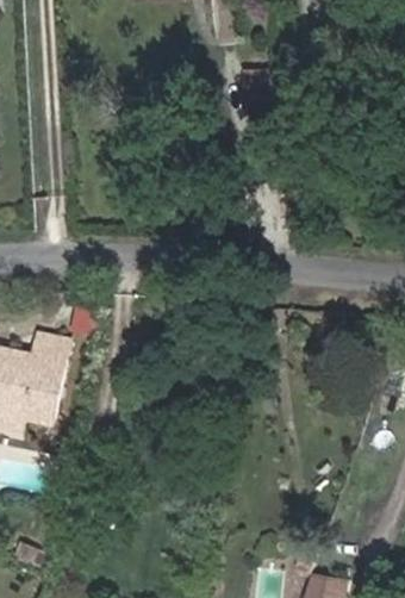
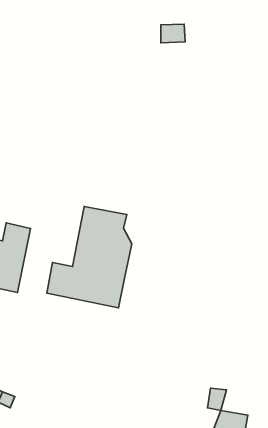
building: none -> [47,207,132,308]

